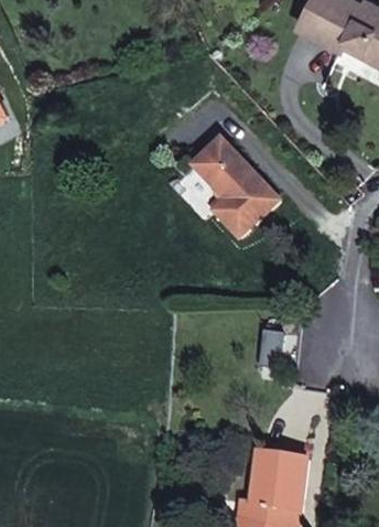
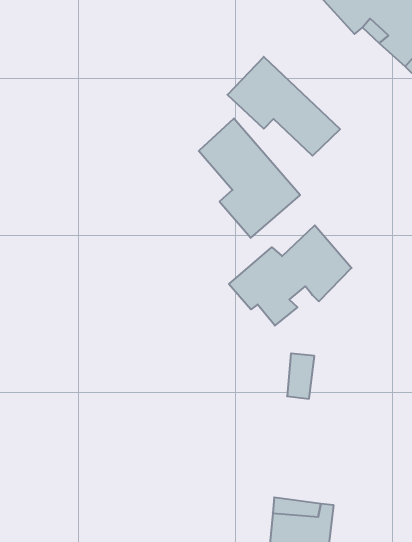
building: none -> [227,57,340,156]
building: none -> [229,225,352,326]

